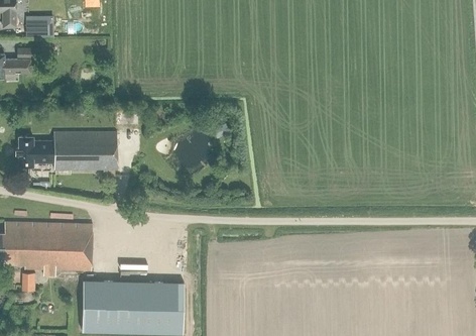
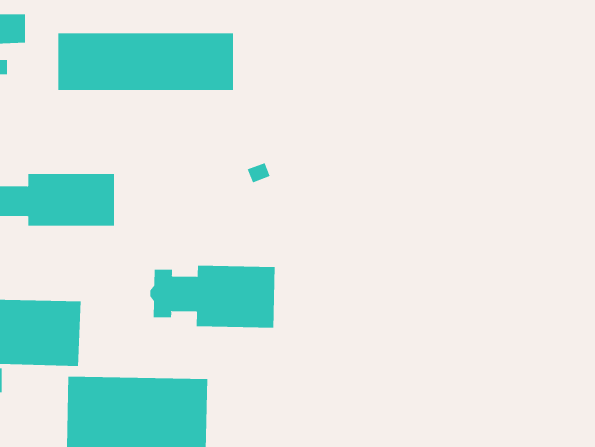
building: none -> [58,33,234,91]
building: none -> [150,265,275,328]

